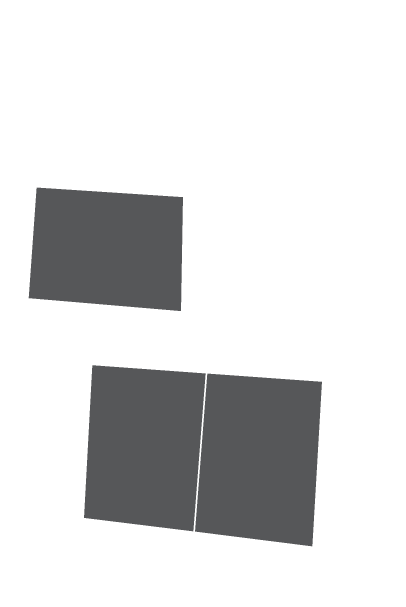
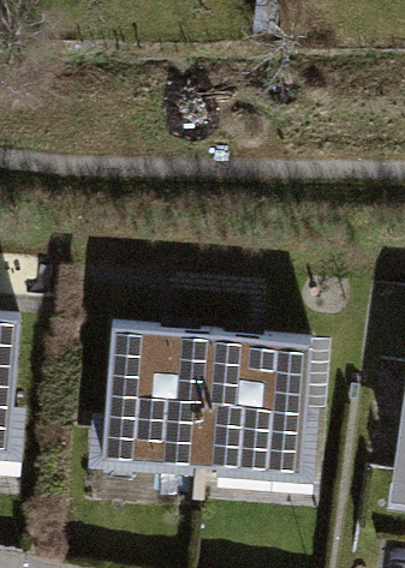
building: [28,187,183,312] -> none

